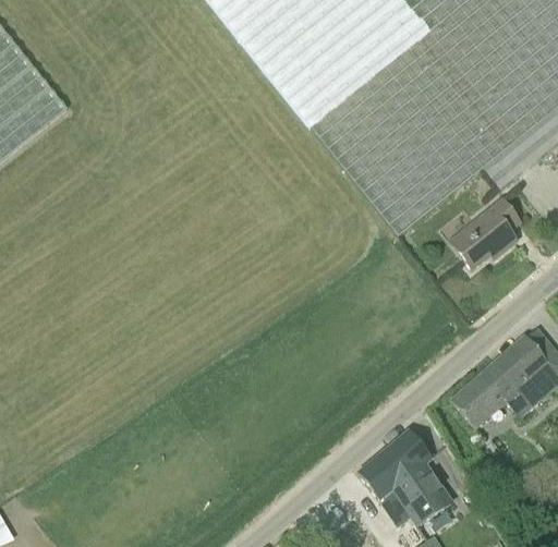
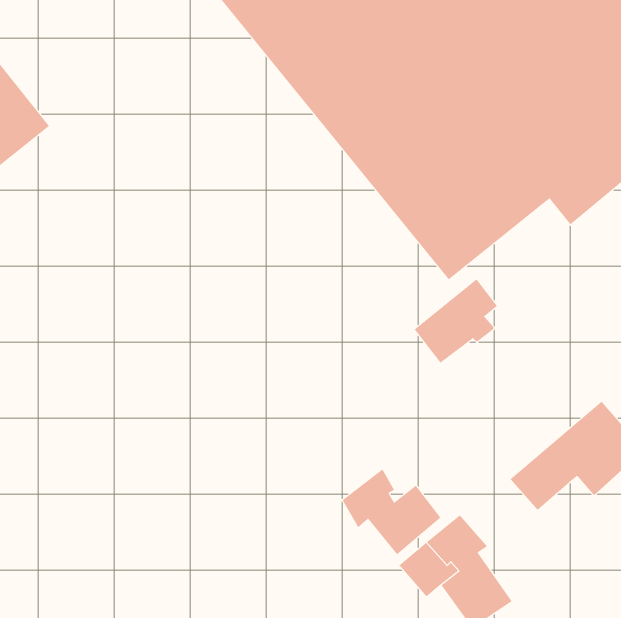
building: [449,198,519,269] -> [414,278,498,364]
building: none -> [342,468,441,555]

